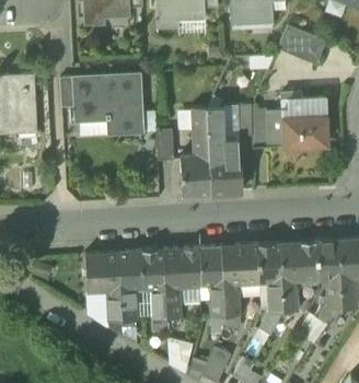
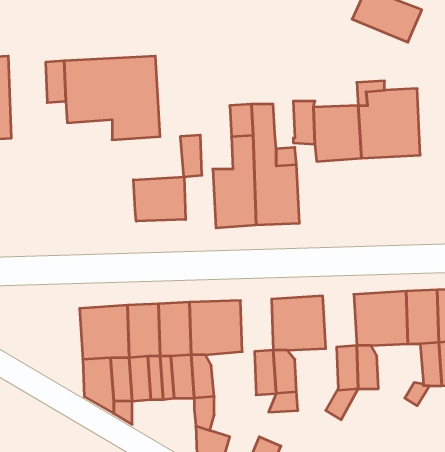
building: none -> [133,177,186,221]
building: [258,243,282,281] -> none
building: [200,246,223,283] -> none

